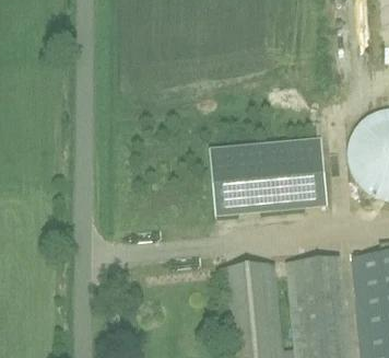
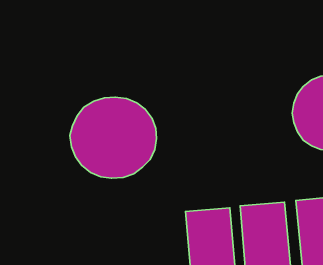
building: none -> [70,97,157,178]
building: [216,138,328,210] -> none

